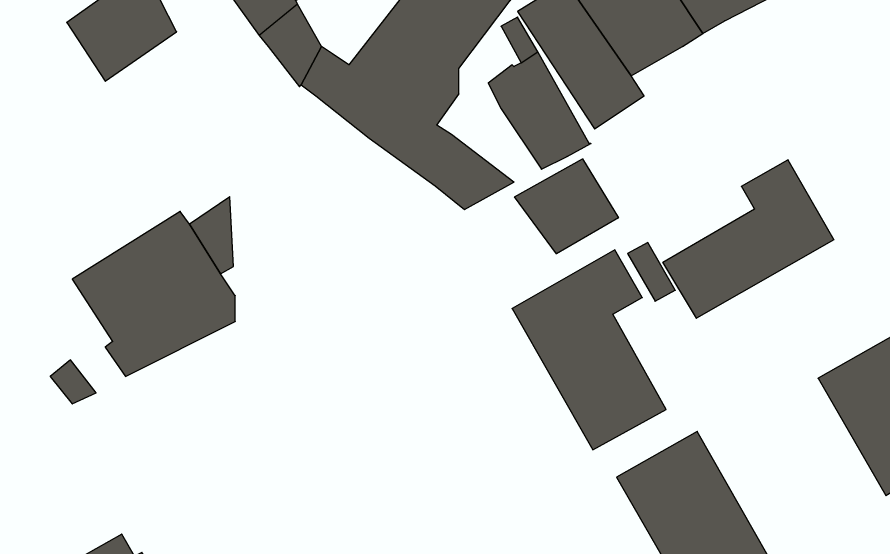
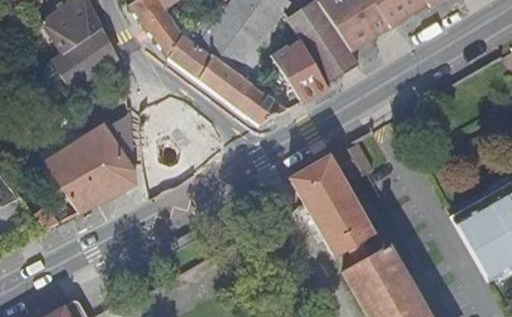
building: none -> [53,27,119,90]
building: [515,159,618,254] -> none
building: [663,160,834,318] -> none

